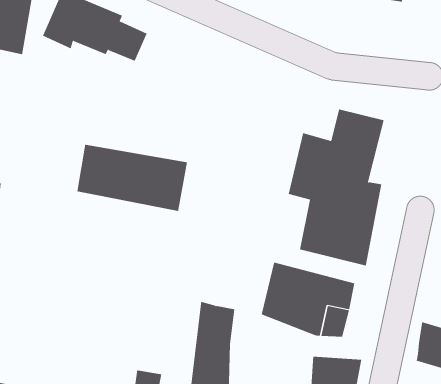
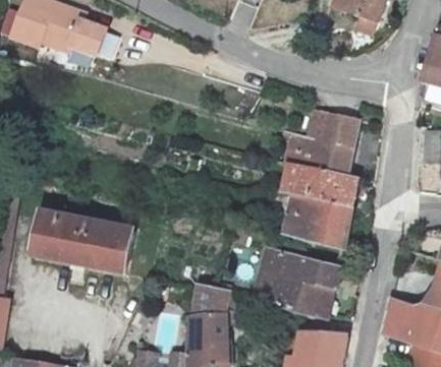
building: [77,144,188,212] -> [38,209,139,270]

